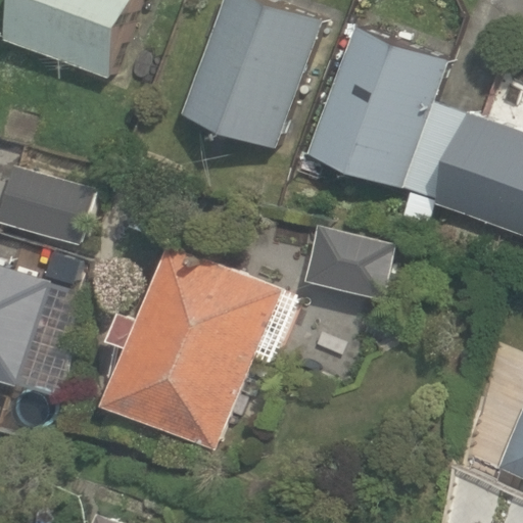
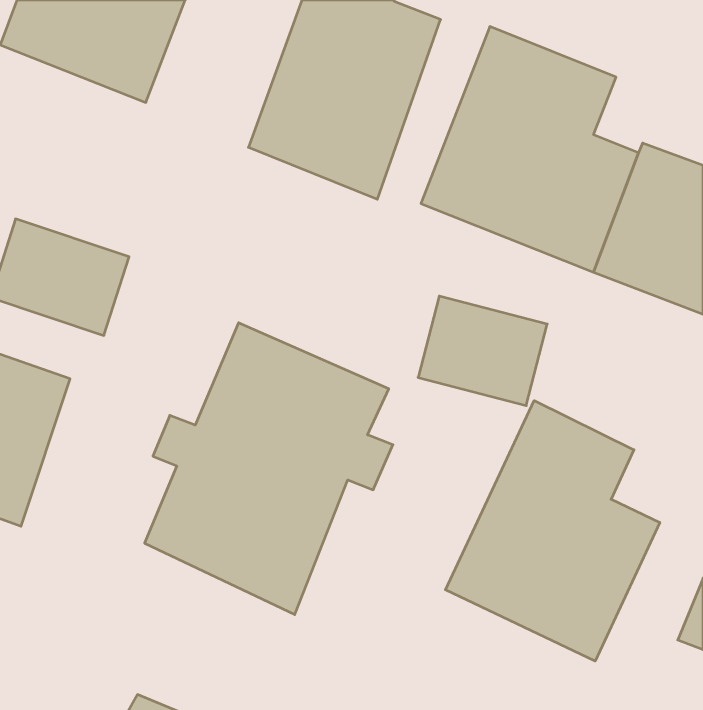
building: none -> [445,401,660,661]

